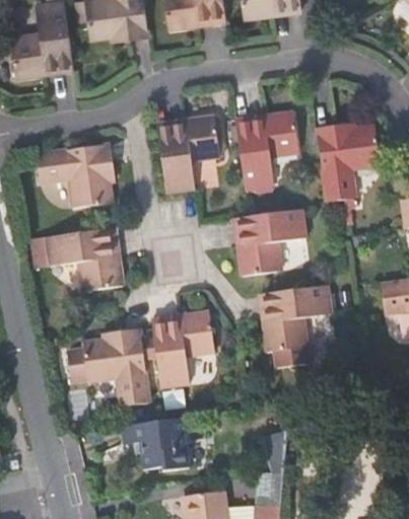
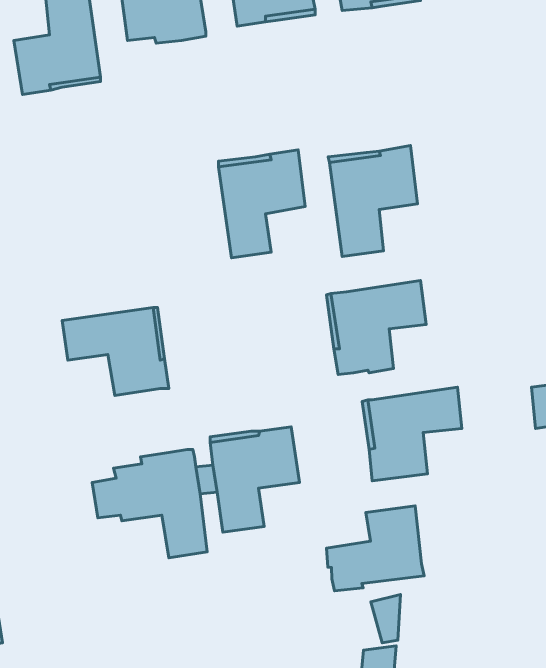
building: [316,124,381,202] -> none
building: [36,144,114,208] -> none
building: none -> [326,506,424,591]
building: [129,419,190,473] -> none

